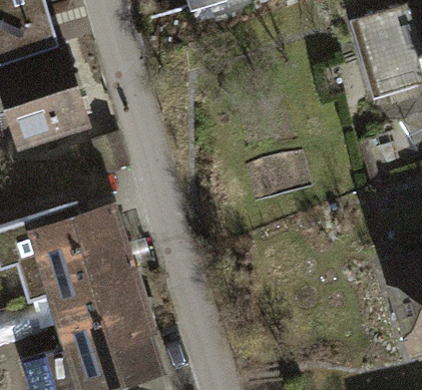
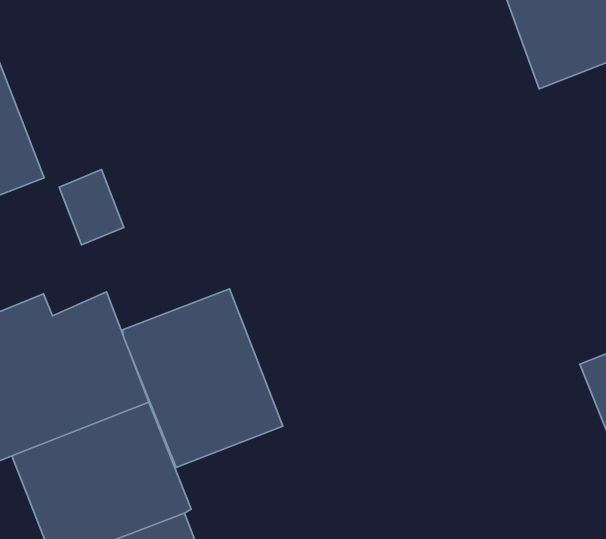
building: none -> [122,289,283,467]

